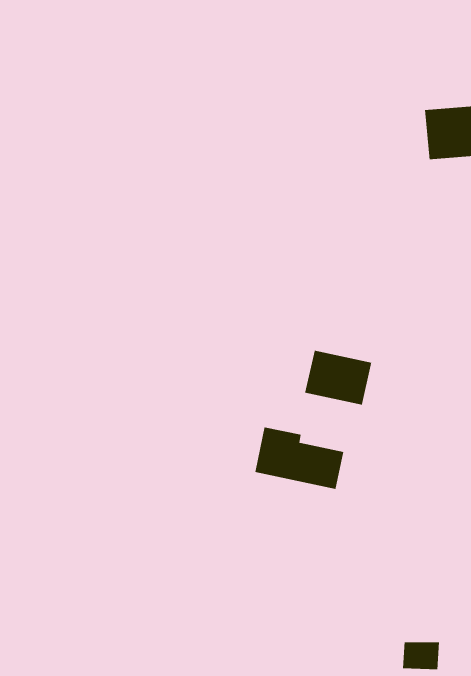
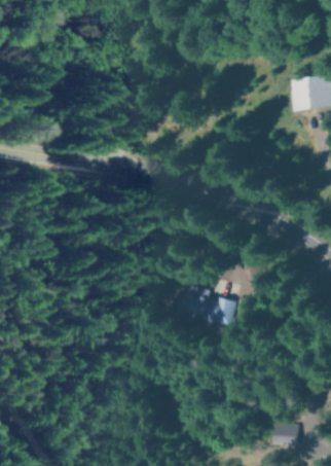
building: [305,350,372,405] -> none

